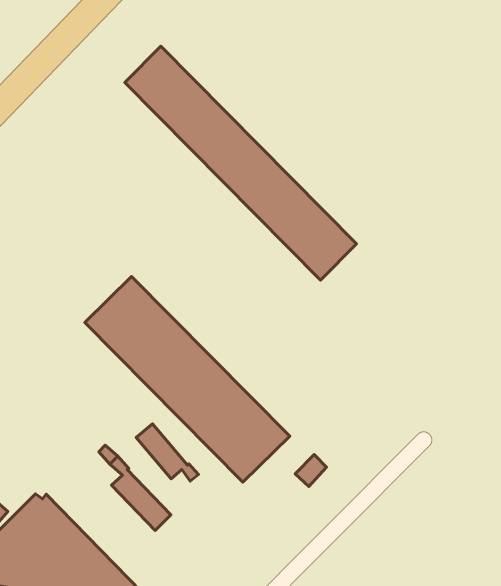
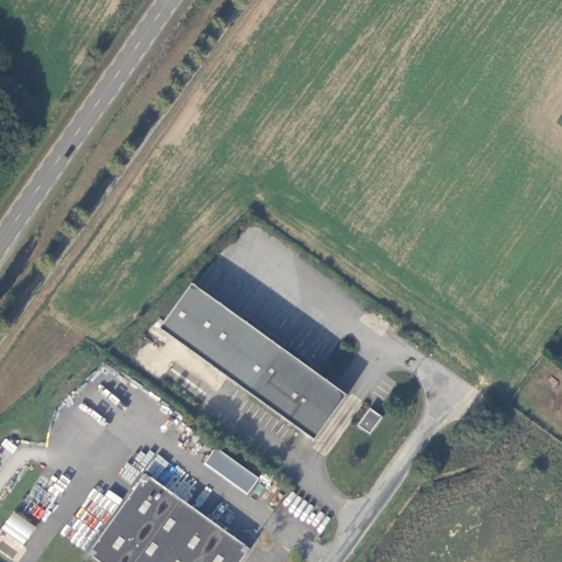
building: [125,46,357,280] -> none
building: [136,424,198,481] -> none

